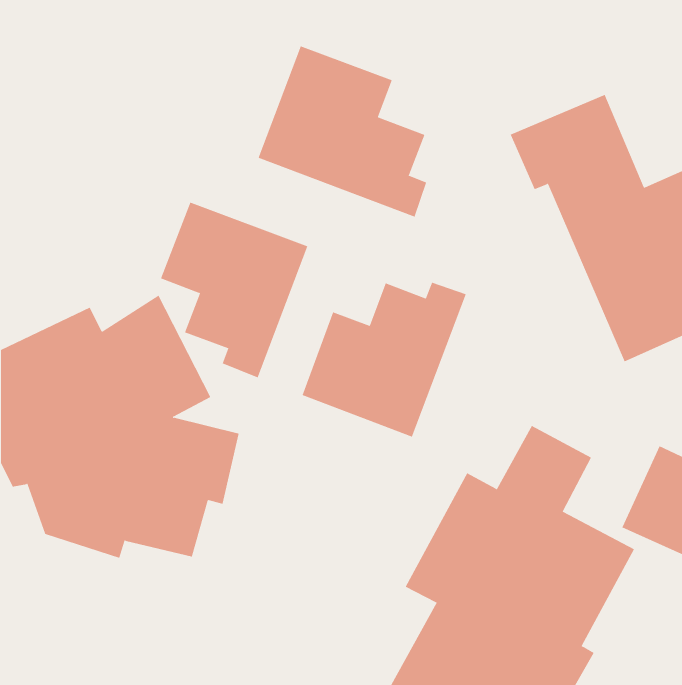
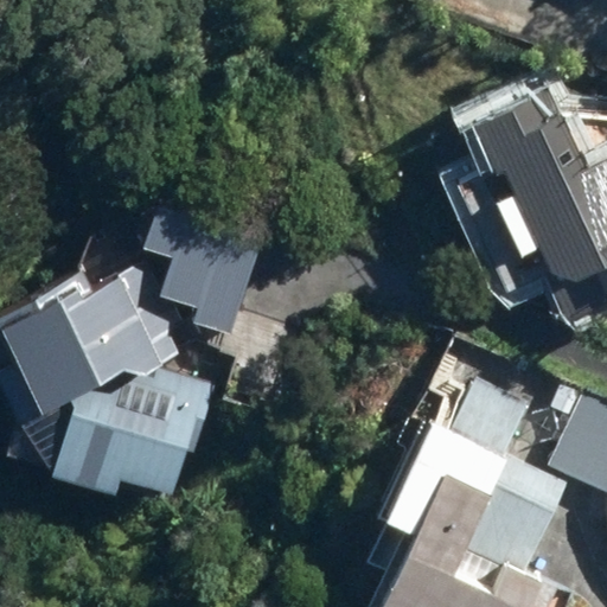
building: [258,46,427,217] -> none
building: [302,282,466,438] -> none

